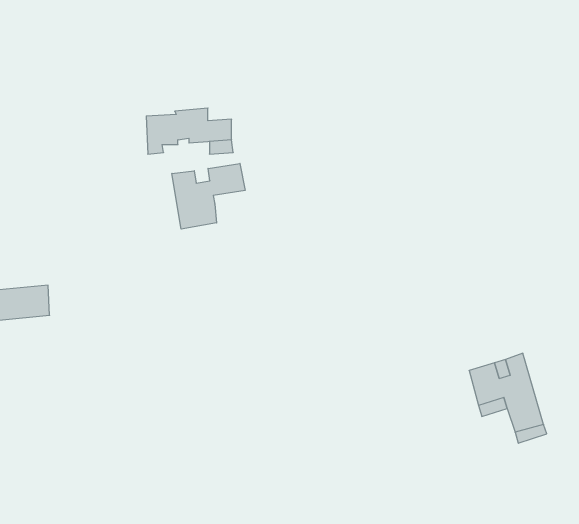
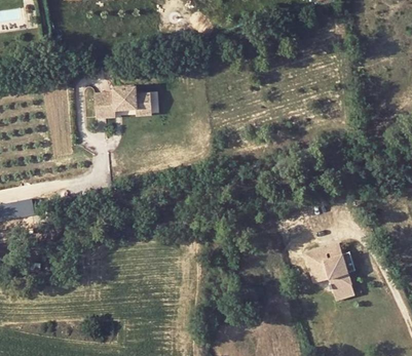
building: [172,163,245,229] -> none

